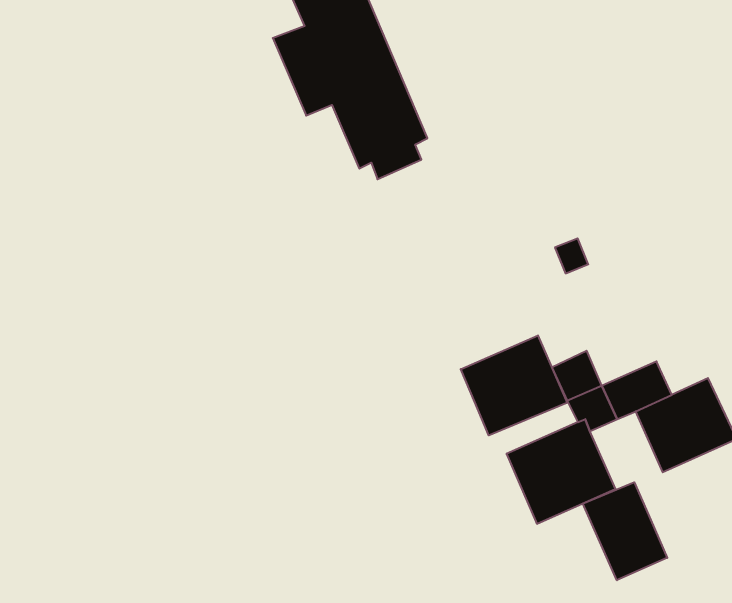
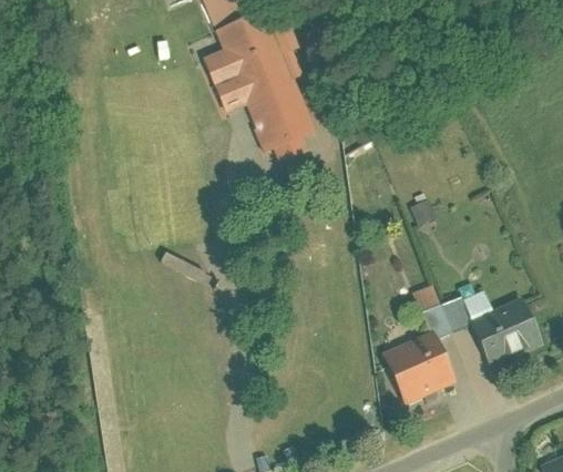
building: [461,335,567,435] -> none
building: [583,482,667,580] -> none

